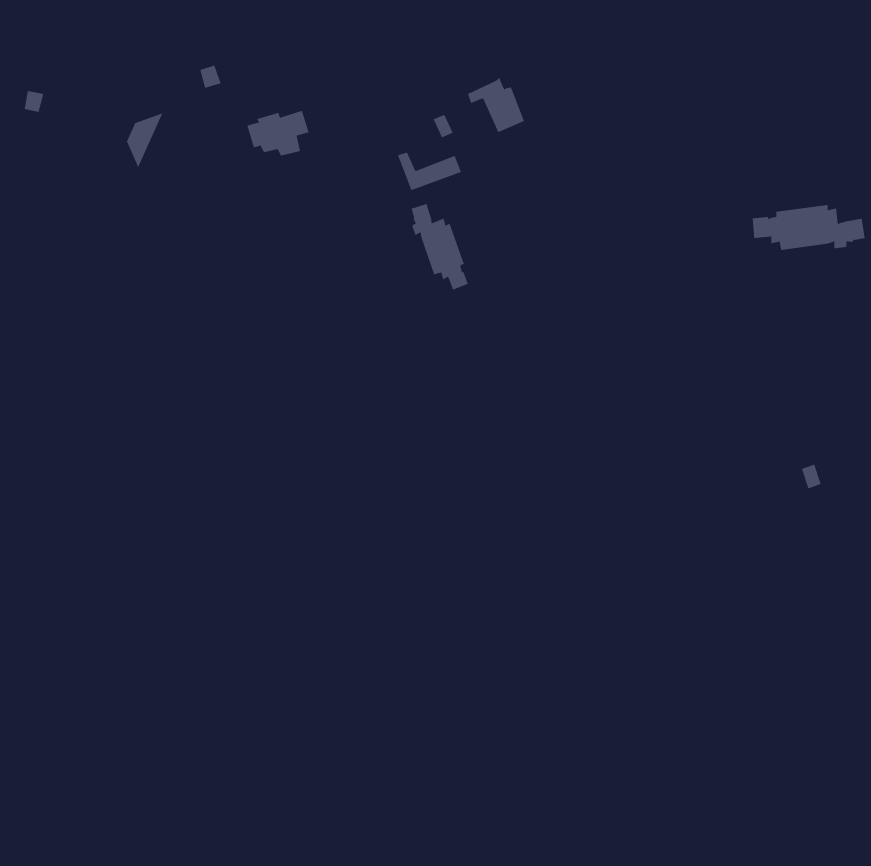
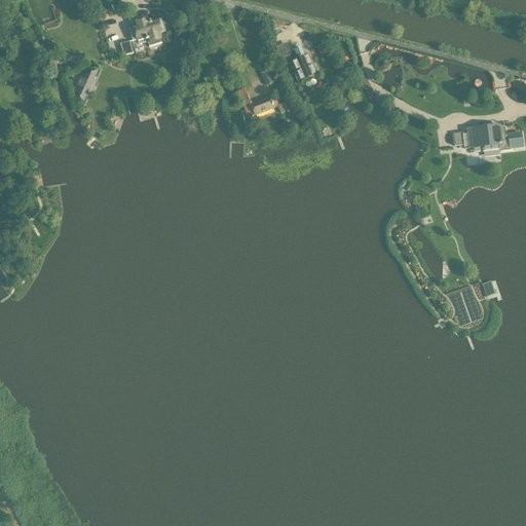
building: [246,110,309,156] -> [128,16,166,44]
building: [409,203,469,291] -> none

